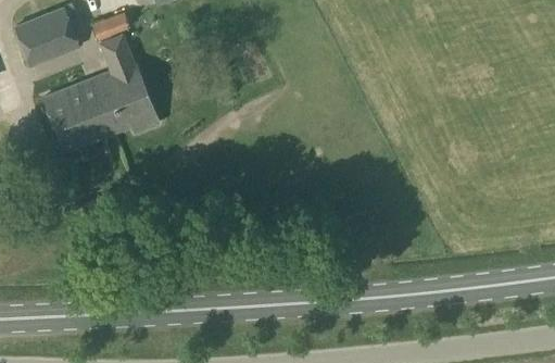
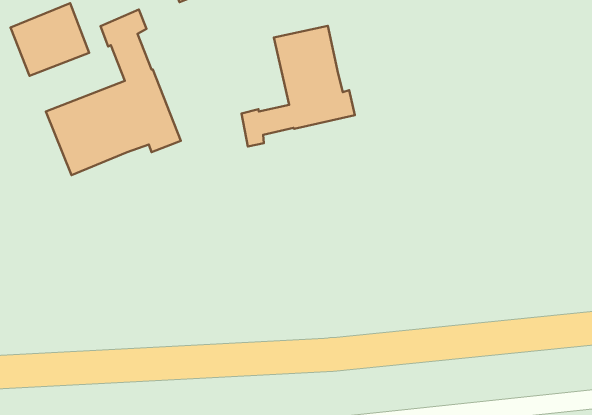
building: none -> [241,26,355,147]

